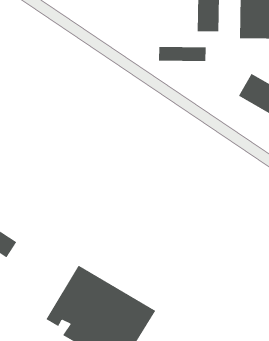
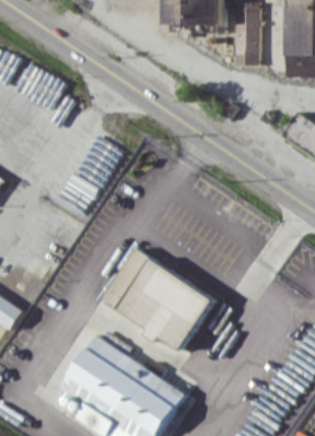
building: [158,46,206,62] -> none
building: none -> [101,249,212,351]

